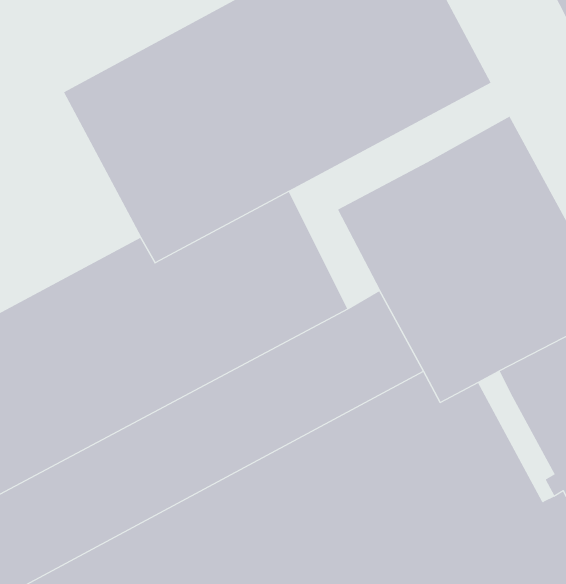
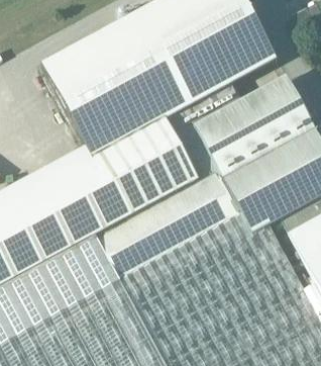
building: none -> [165,83,240,183]

